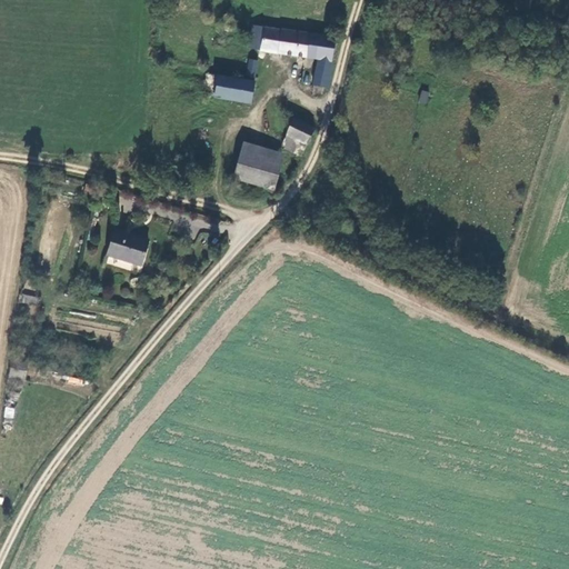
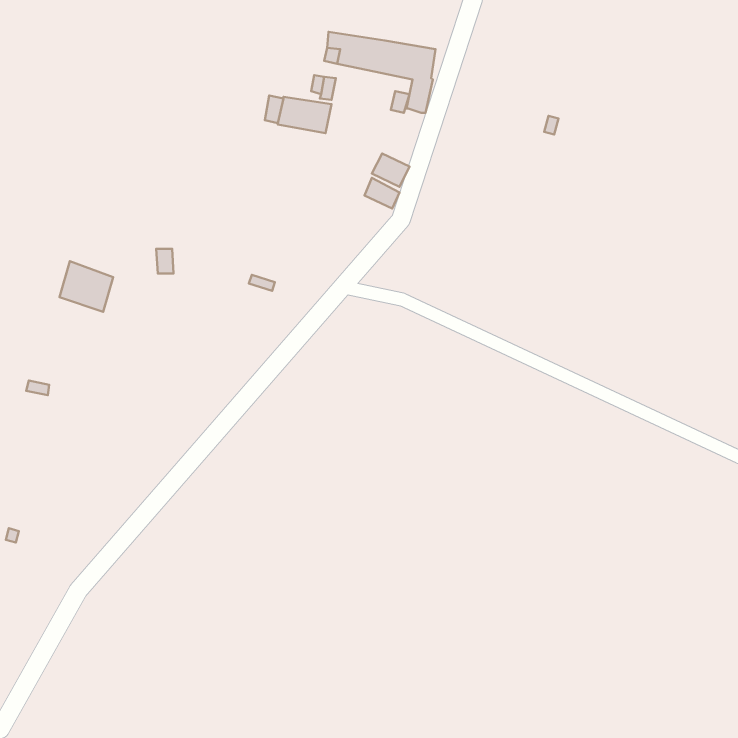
building: [233,151,280,190] -> none
building: [108,228,149,267] -> [60,261,113,312]

